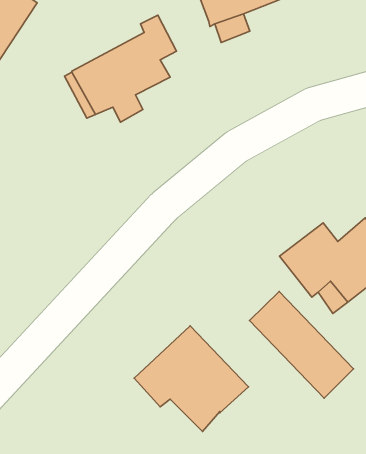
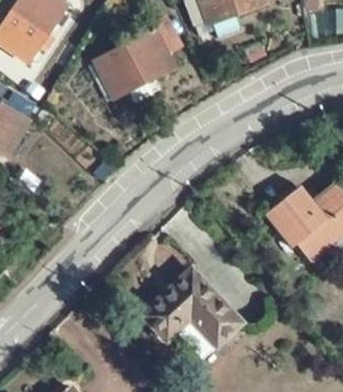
building: [250,291,353,398] -> none

